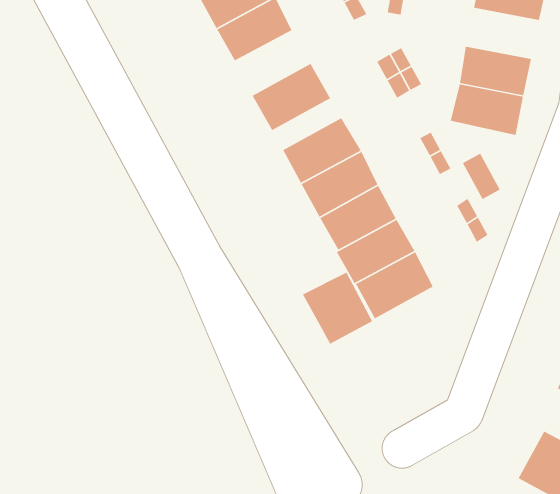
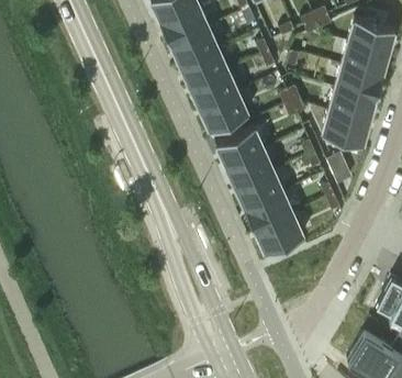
building: none -> [334,67,382,101]
building: none -> [190,73,237,111]
building: [302,271,373,345] -> none

